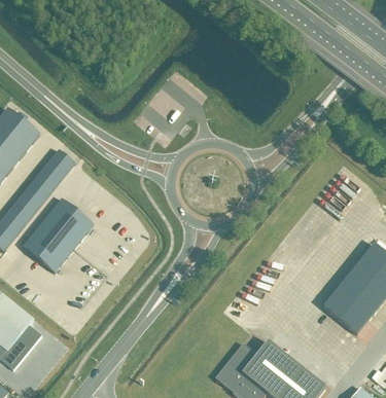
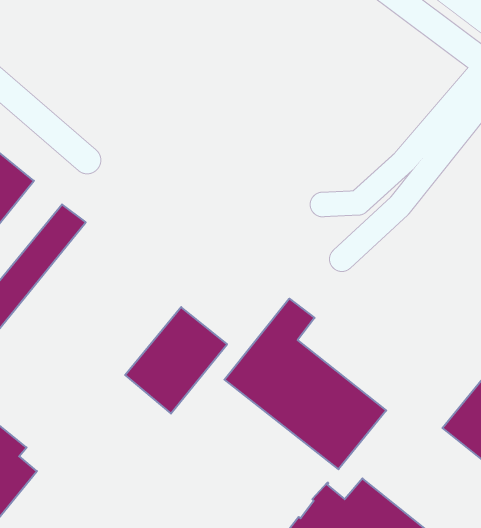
building: [23,198,94,273] -> [125,307,227,414]
building: none -> [224,299,386,469]

